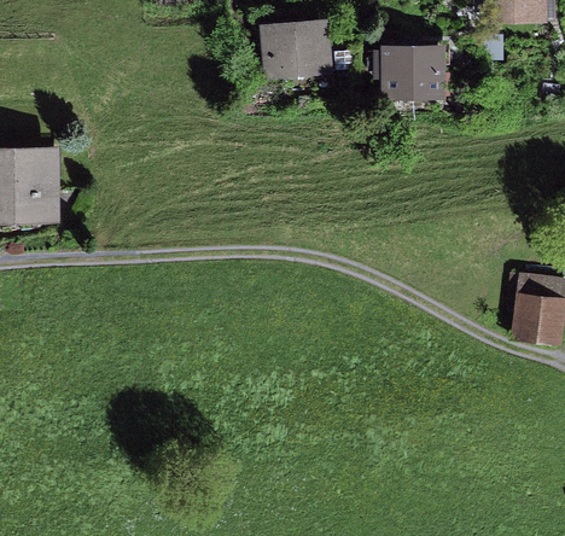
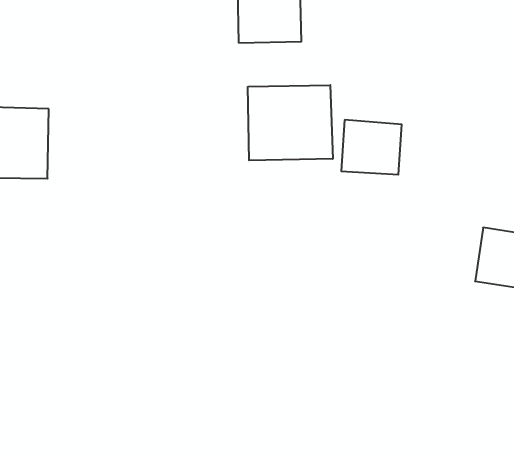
building: [379,43,443,101] -> [341,120,402,175]
building: none -> [248,85,333,160]

